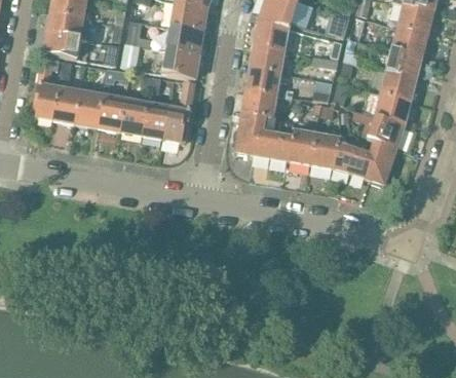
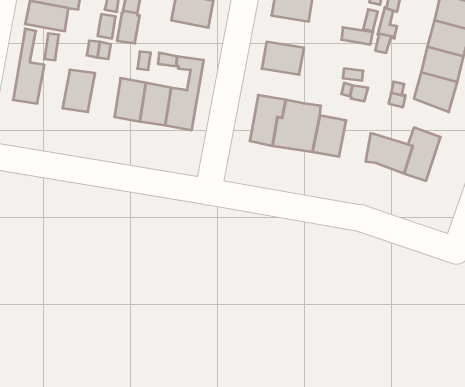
building: [249,44,284,72] -> none
building: [162,48,199,78] -> none
building: [53,86,81,123] -> none
building: [241,89,280,119] -> none
building: [97,93,124,130] -> none
building: [367,115,404,148] -> none
building: [310,134,339,168] -> none

